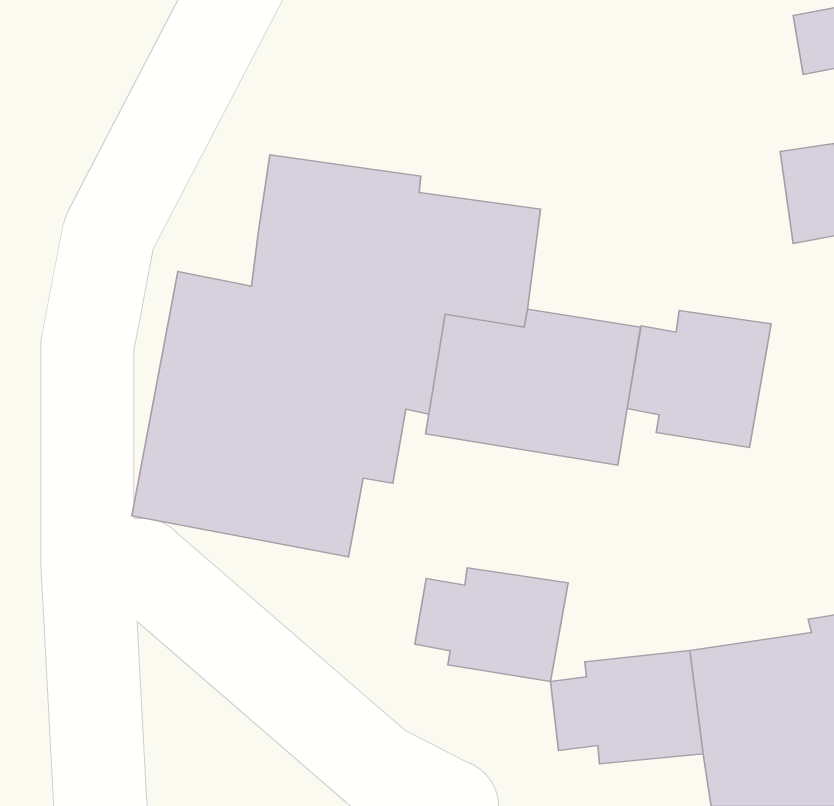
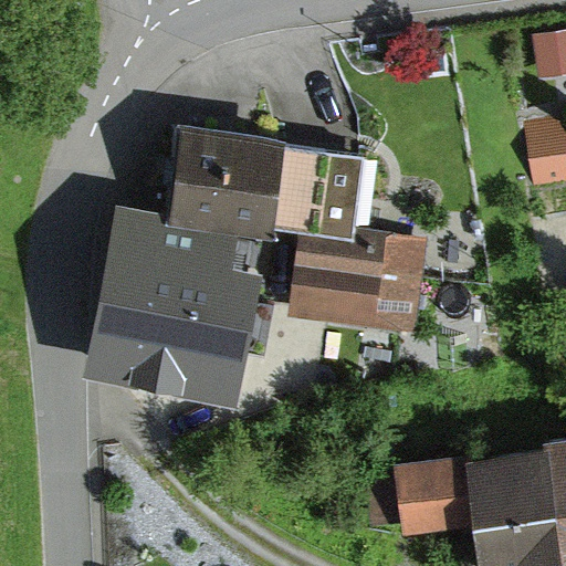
building: [627,311,771,448] -> none
building: [415,568,568,682] -> none

